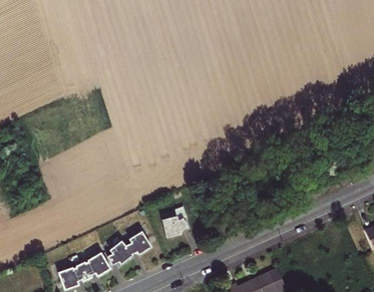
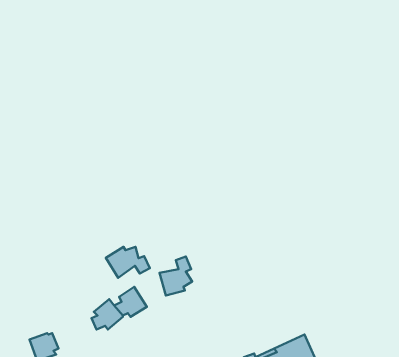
building: none -> [106,247,150,278]
building: [75,252,110,281] -> none

